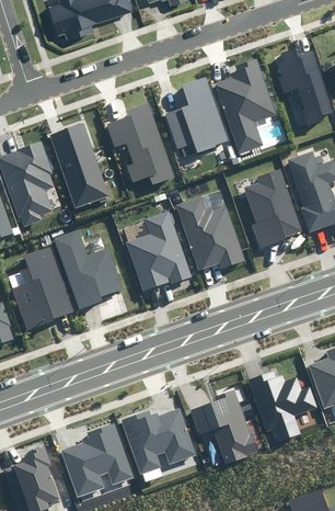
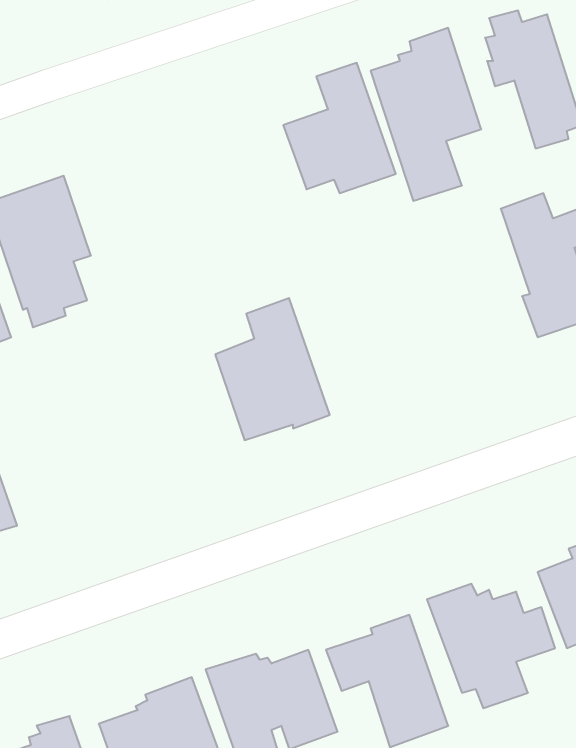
building: [104,103,174,185] -> none
building: [48,124,107,208] -> none
building: [243,170,300,248] -> none
building: [174,196,244,271] -> none
building: [54,230,123,309] -> none
building: [10,247,74,331] -> none

